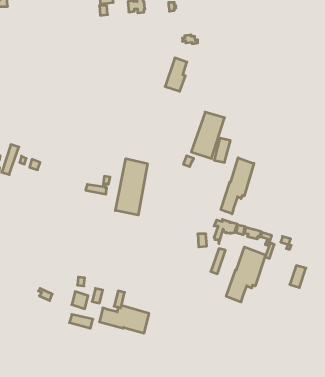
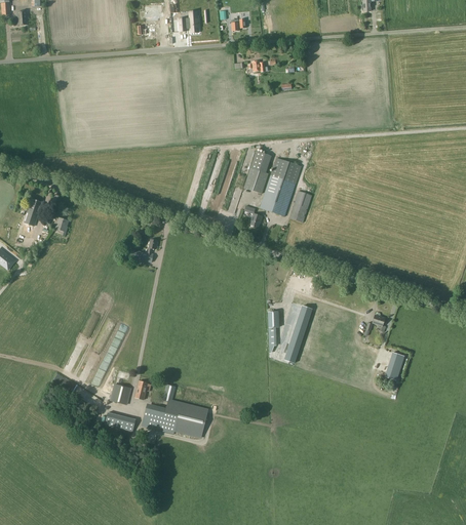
building: [165,58,187,91] -> [243,151,271,193]
building: [221,158,254,214] -> none
building: [115,159,147,215] -> none
building: [226,247,265,302] -> none

